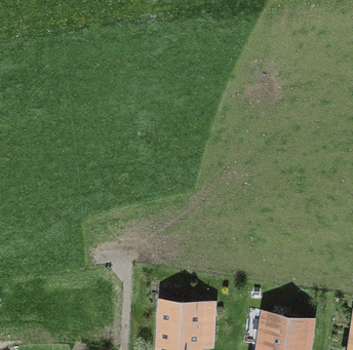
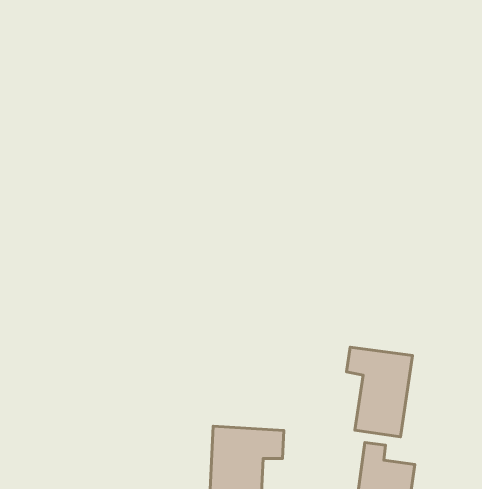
building: none -> [346,347,413,437]

